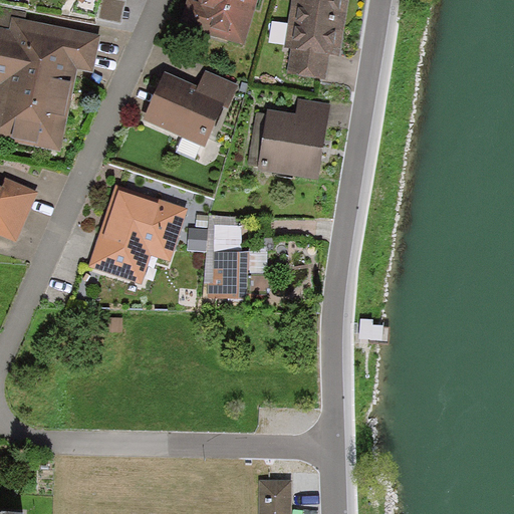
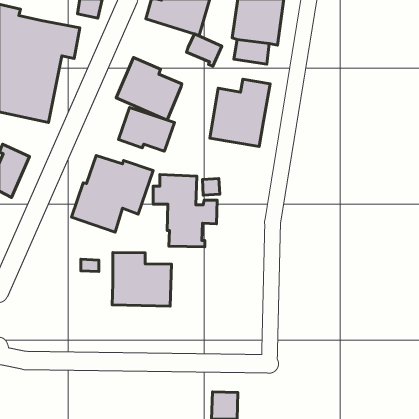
building: [194,68,237,107] -> [186,34,222,66]
building: none -> [118,108,175,151]
building: none -> [112,252,171,306]

